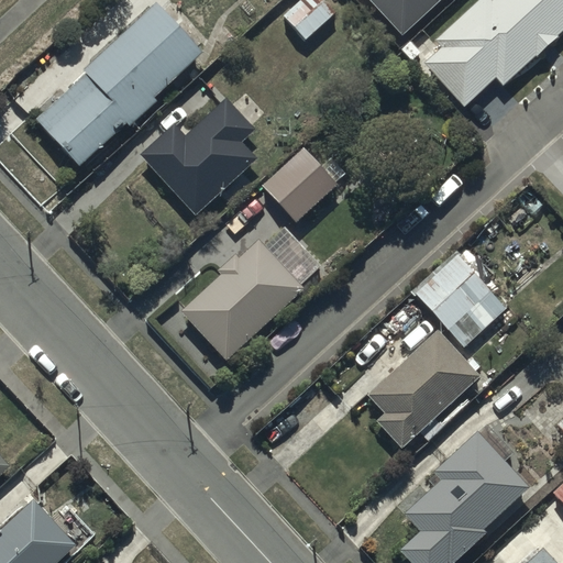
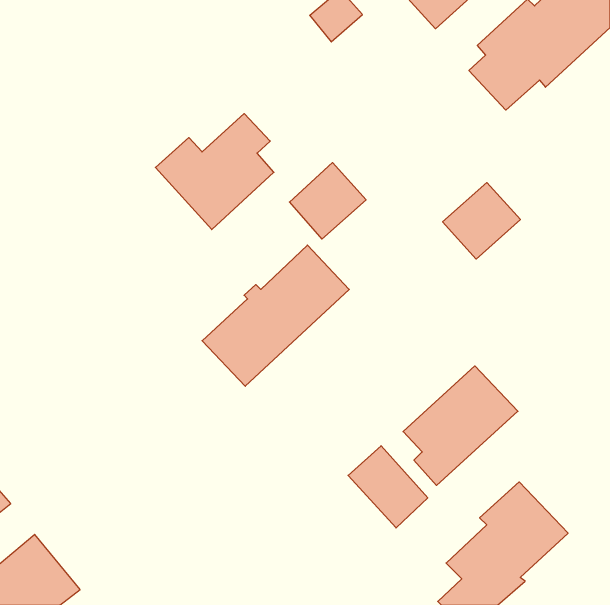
building: [36,7,200,167] -> none
building: [418,258,489,329] -> [443,183,520,259]
building: none -> [348,446,428,528]

